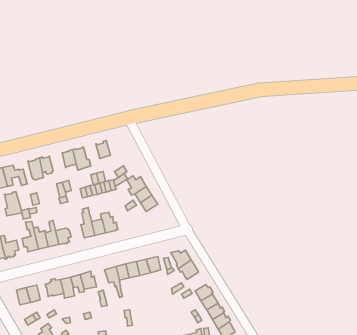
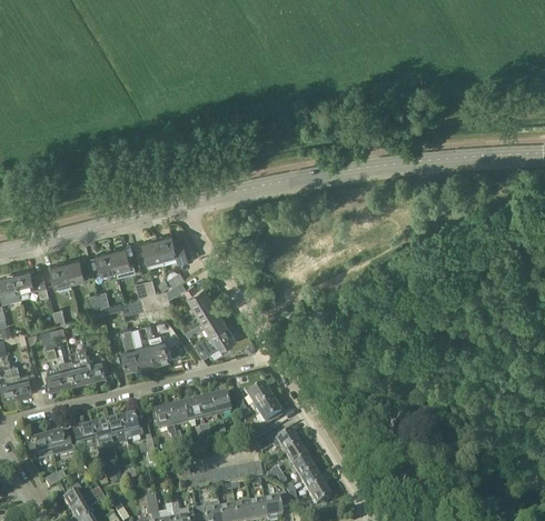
building: none -> [157,232,188,260]
building: [4,191,22,216] -> none
building: none -> [195,322,236,357]

